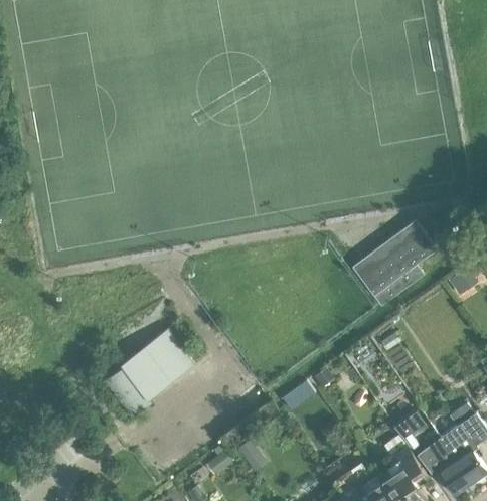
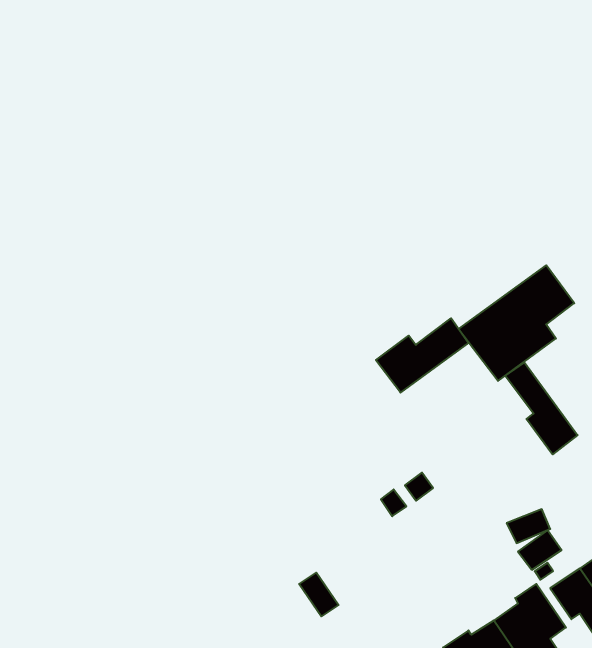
building: none -> [376,318,468,393]
building: none -> [505,363,578,454]
building: [106,329,194,416] -> none

